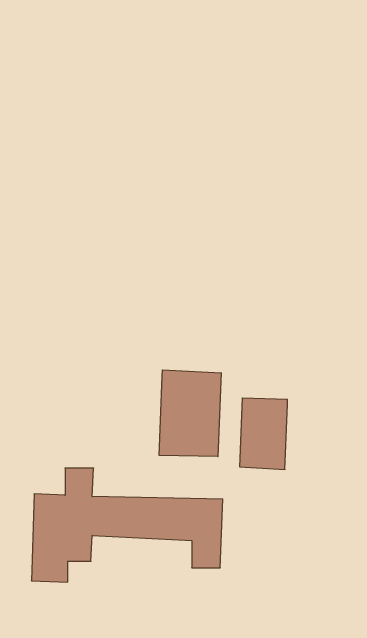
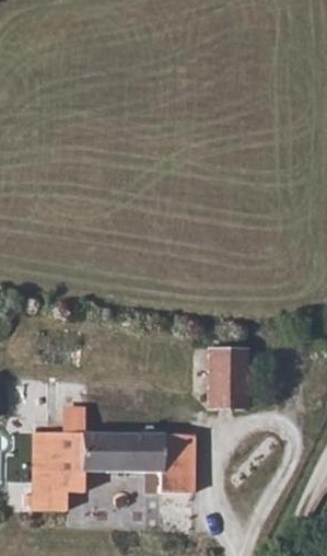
building: [159,370,221,457] -> none

